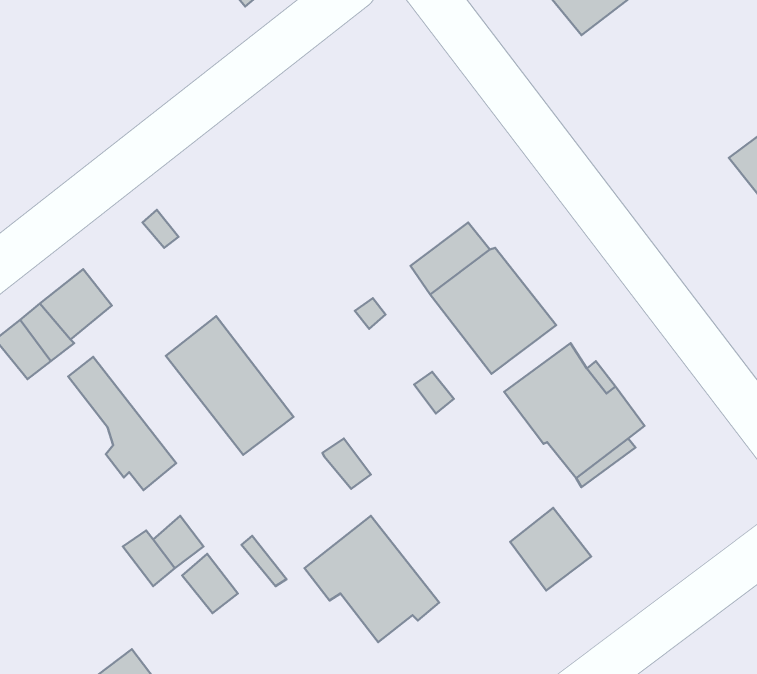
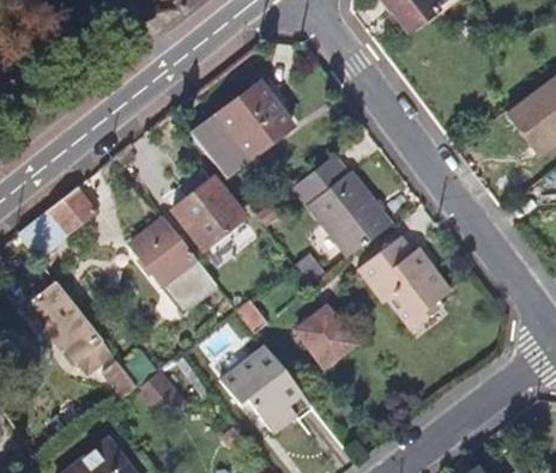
building: none -> [192,83,292,176]
building: none -> [173,178,244,249]
building: [68,357,176,490] -> [40,281,111,370]
building: [510,508,591,591] -> [301,311,355,366]

